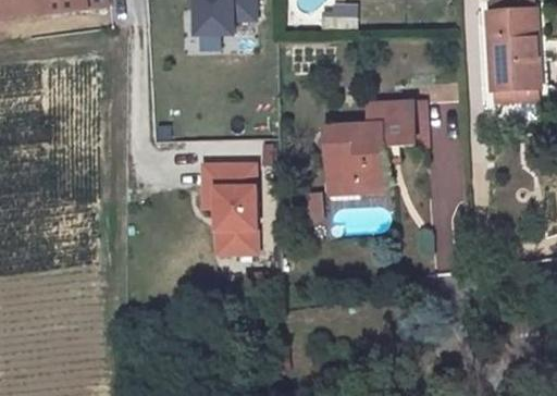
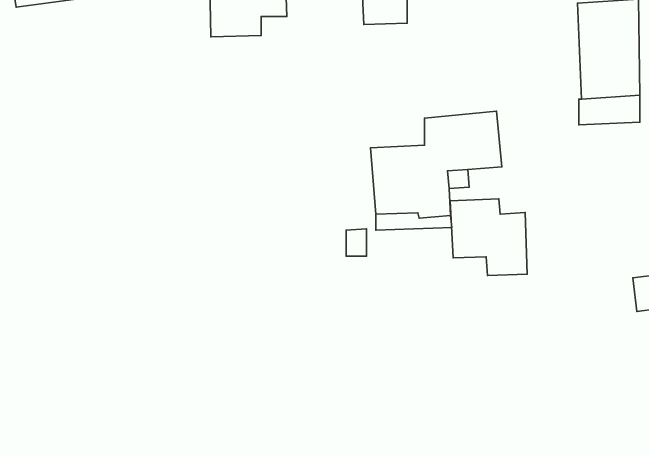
building: [202,162,256,251] -> none
building: none -> [450,199,527,276]

